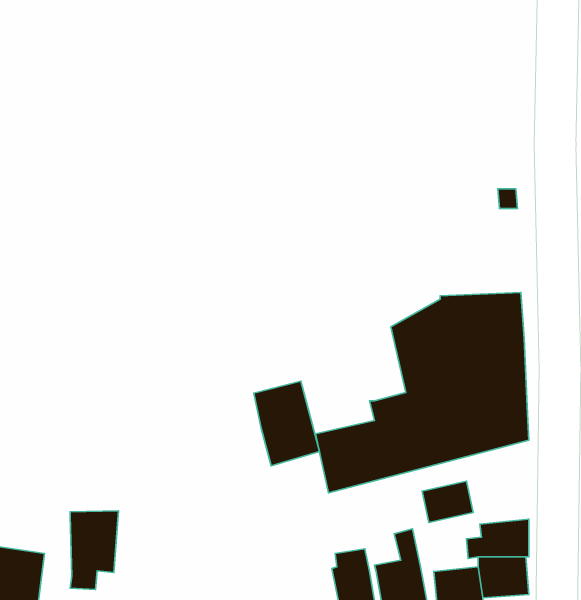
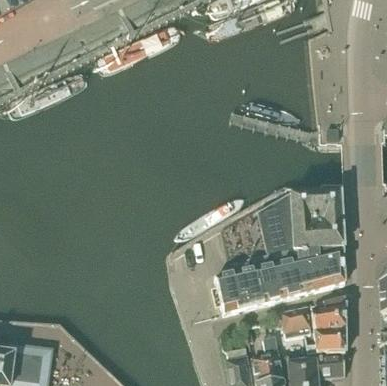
building: [254,381,319,466] -> none
building: none -> [313,295,345,331]
building: [70,511,119,589] -> none

